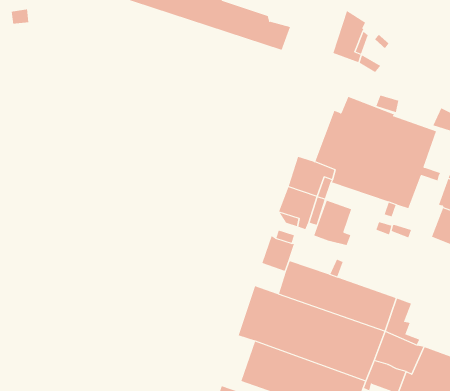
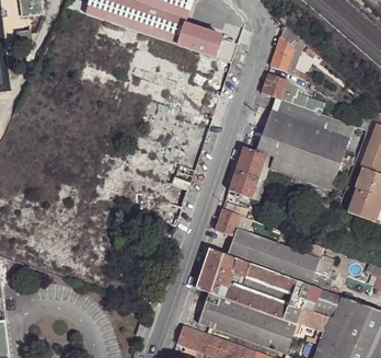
building: none -> [262,73,298,102]
building: [313,200,352,246] -> none

